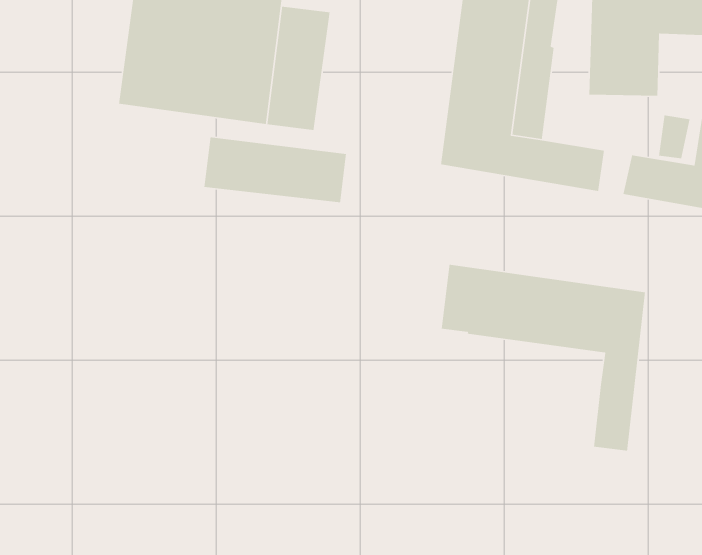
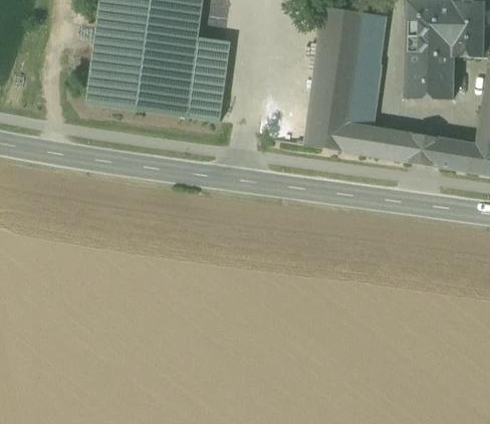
building: [658,115,691,159] -> [412,134,434,164]
building: [203,136,347,203] -> none
building: [441,264,646,452] -> none

